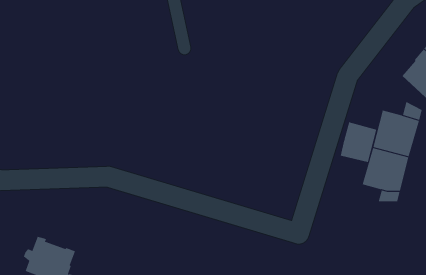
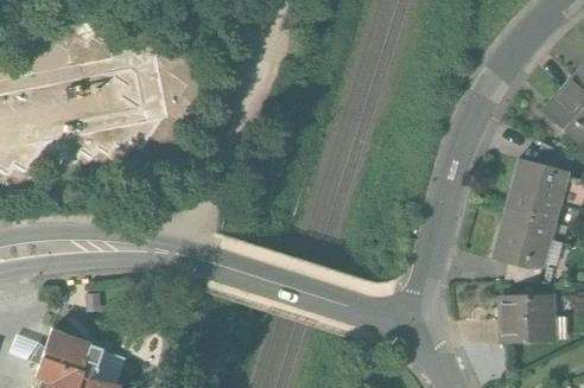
building: [340,121,377,163] -> none
building: none -> [502,297,554,339]

